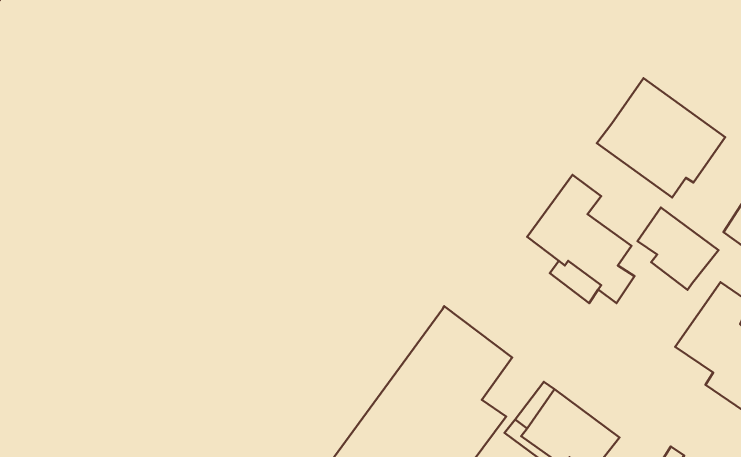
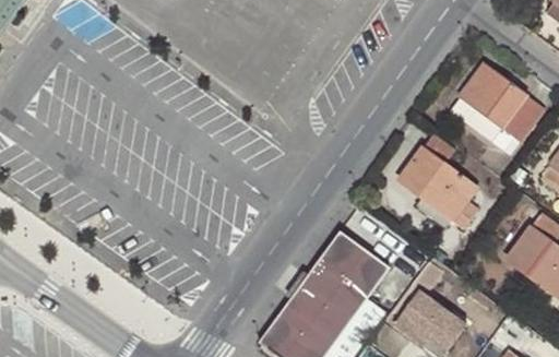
building: [638,208,718,290] -> none

